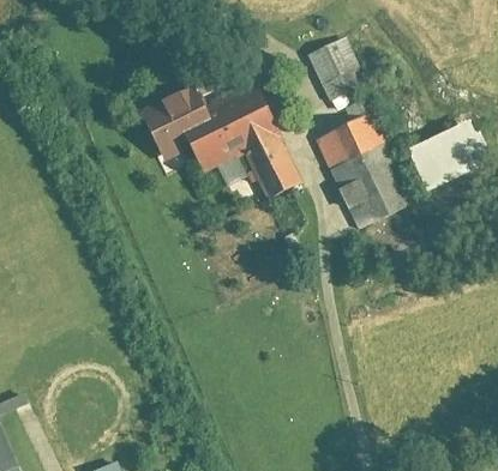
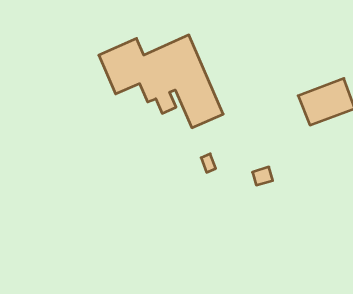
building: [304,36,366,102] -> none
building: [317,116,409,227] -> none

